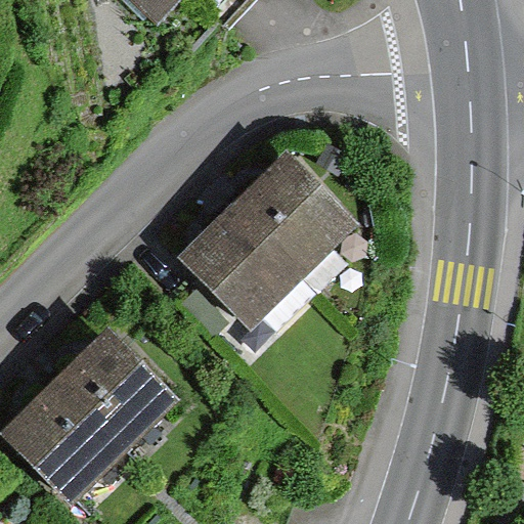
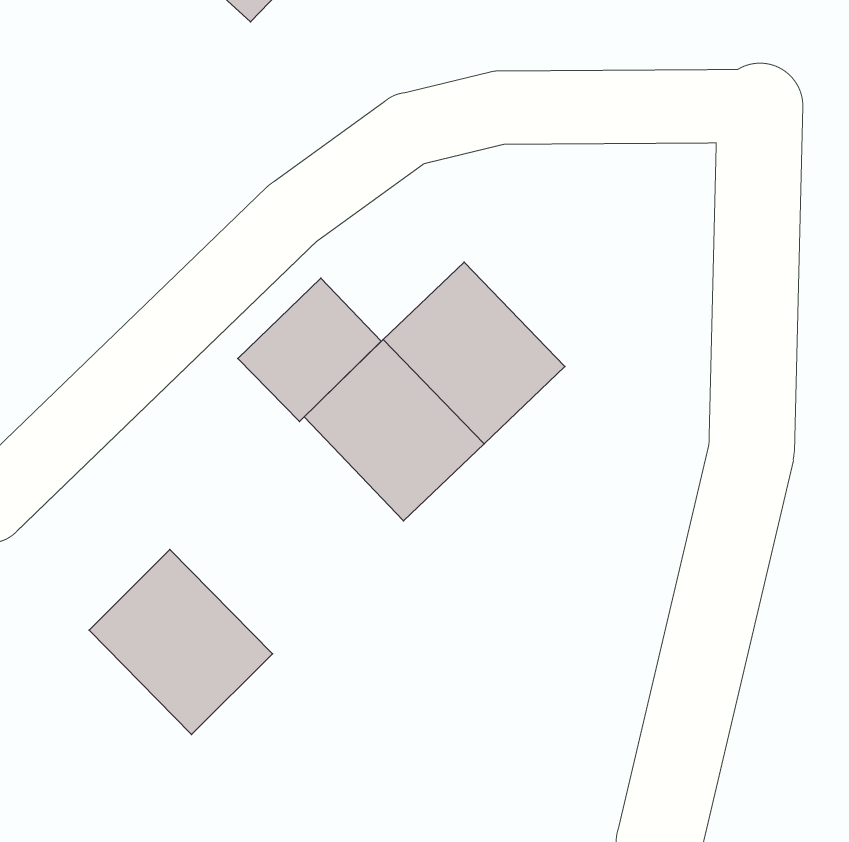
building: none -> [238,278,381,421]
building: [4,384,117,496] -> none

